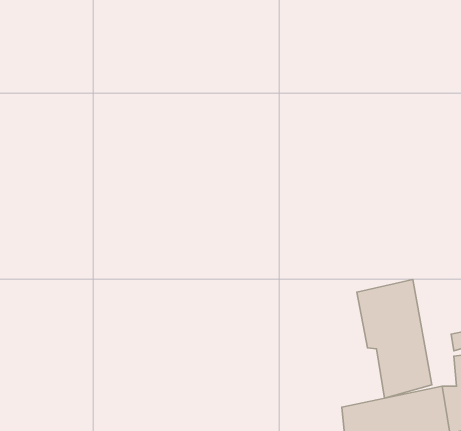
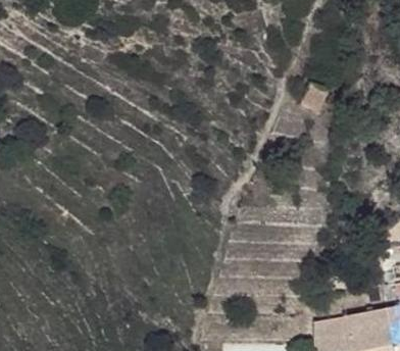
building: [357,280,432,398] -> none

